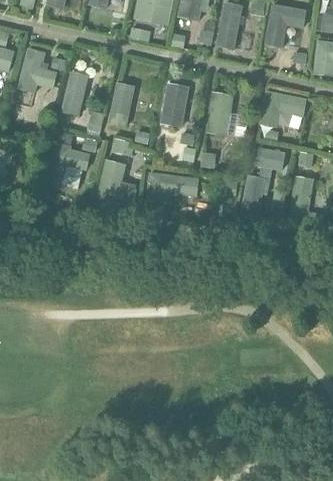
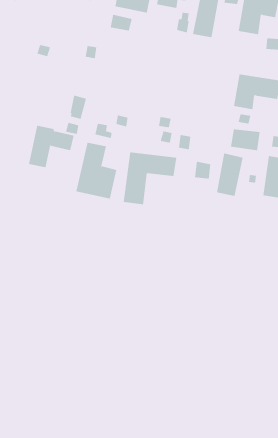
building: [17,48,56,93] -> none
building: [60,71,88,116] -> none
building: [160,80,192,128] -> none
building: [107,82,134,127] -> none
building: [206,89,246,134] -> none

